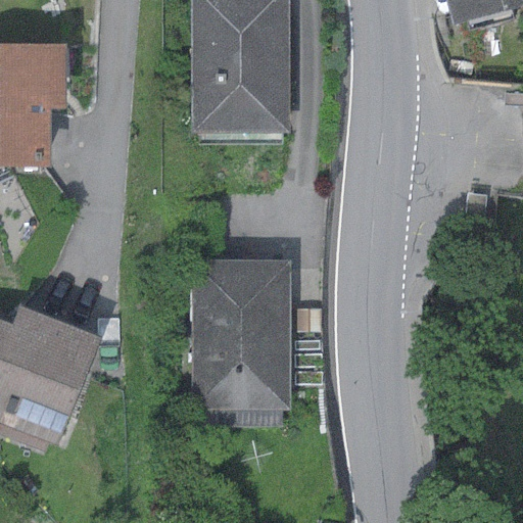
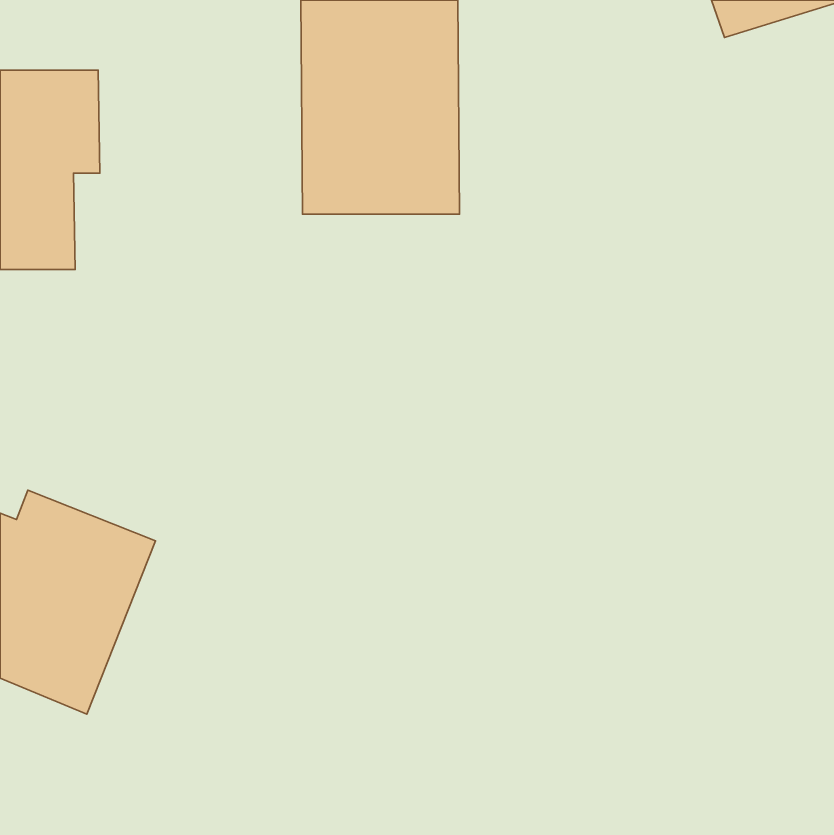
building: [190,260,290,412] -> none

